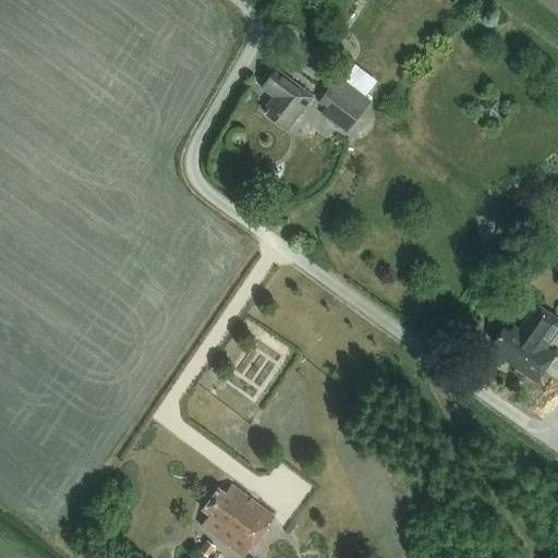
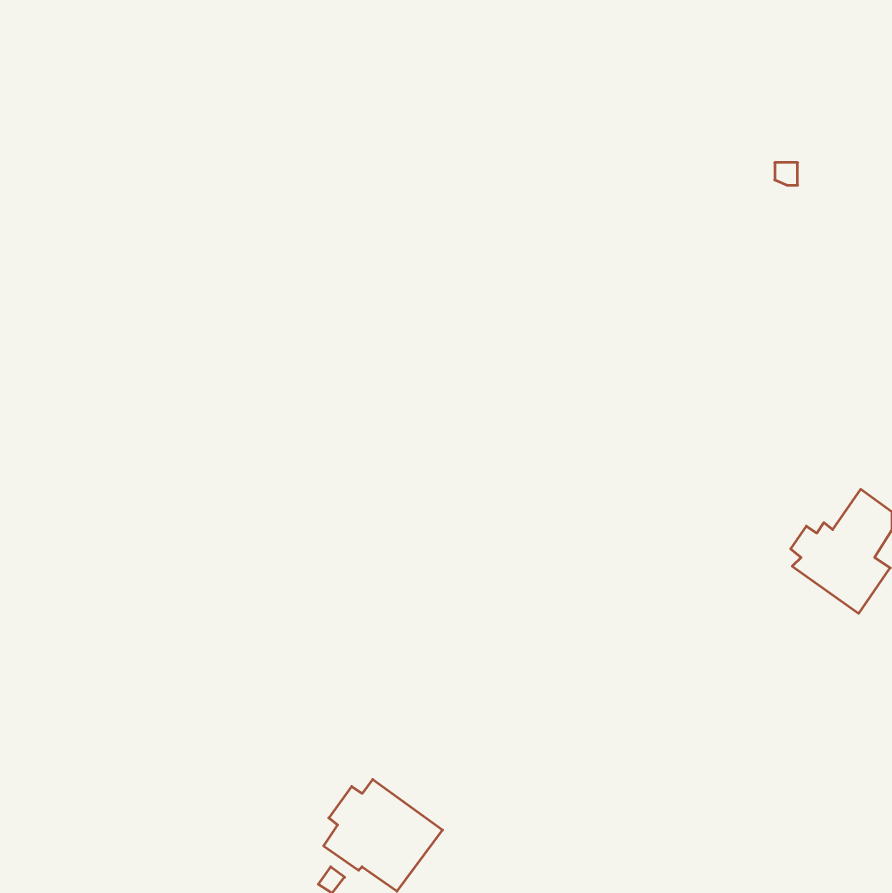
building: [259,68,312,130] -> none
building: [320,78,369,133] -> none

